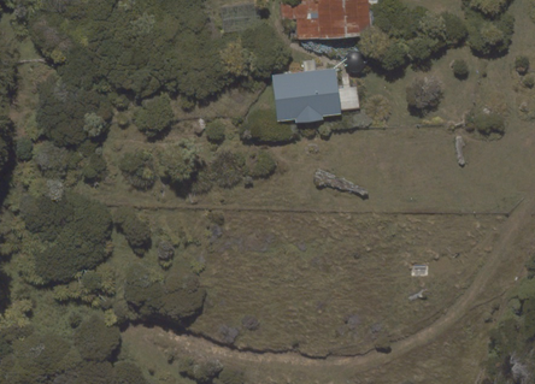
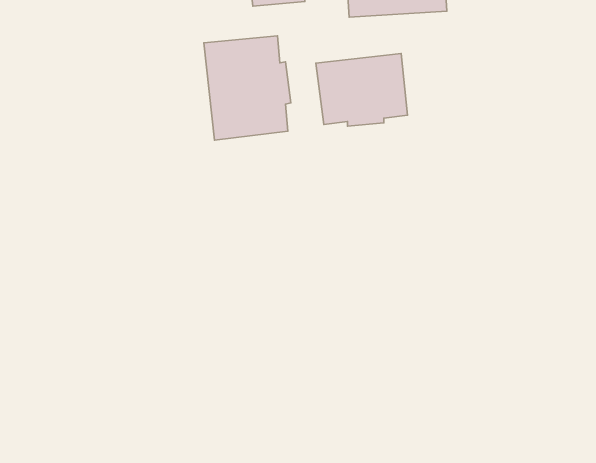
building: none -> [204,36,291,140]

